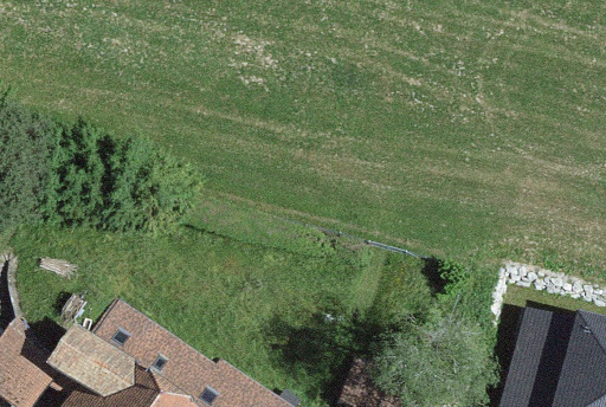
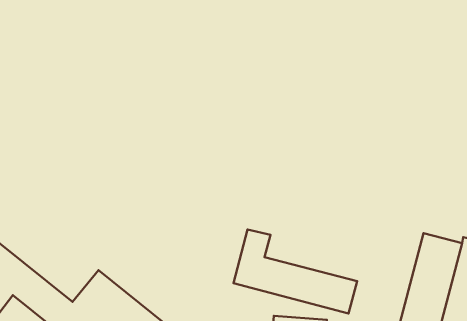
building: none -> [233,229,357,313]

